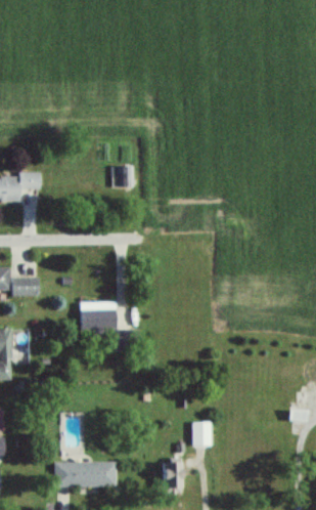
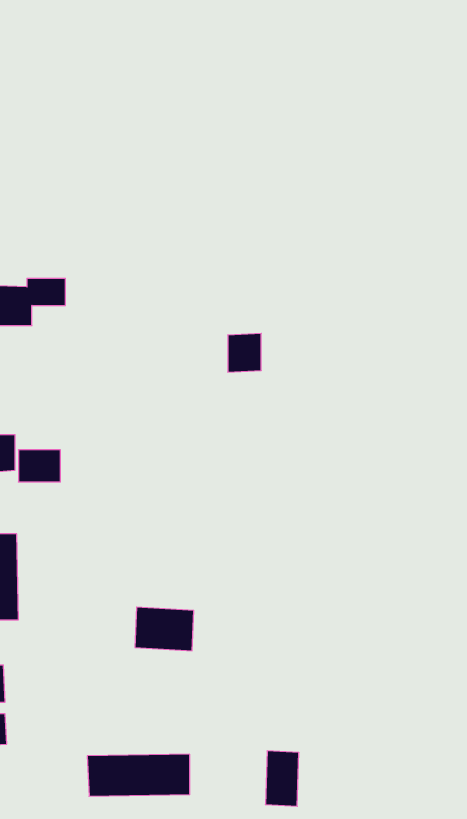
building: [112,165,133,188] -> [228,333,261,372]
building: [81,303,117,330] -> [135,607,194,651]
building: [192,422,212,445] -> none

